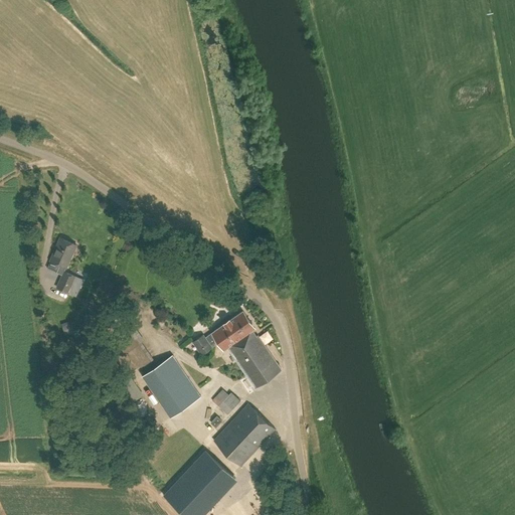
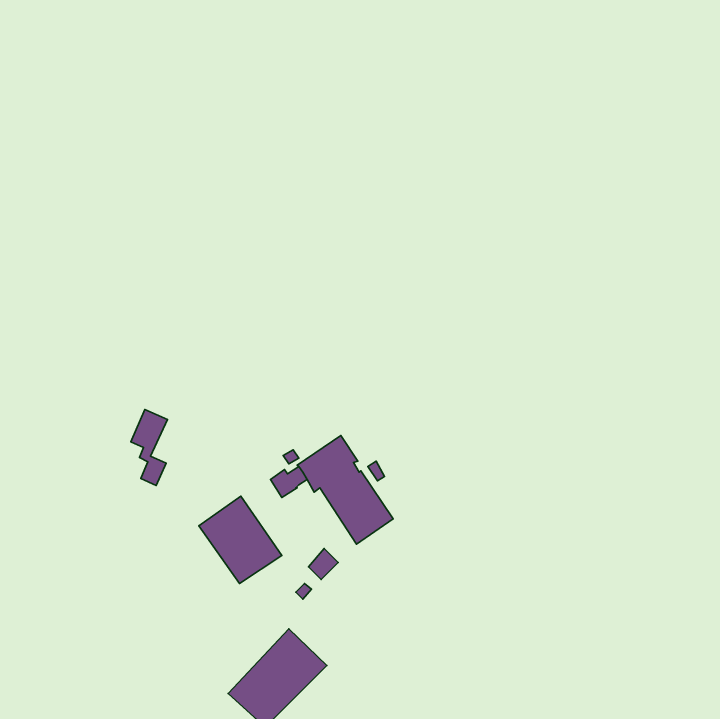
building: [50,239,76,294] -> [131,410,168,486]
building: [214,405,275,467] -> none

